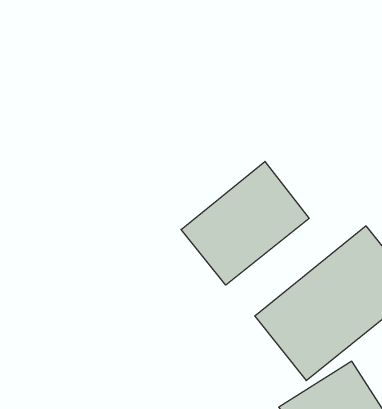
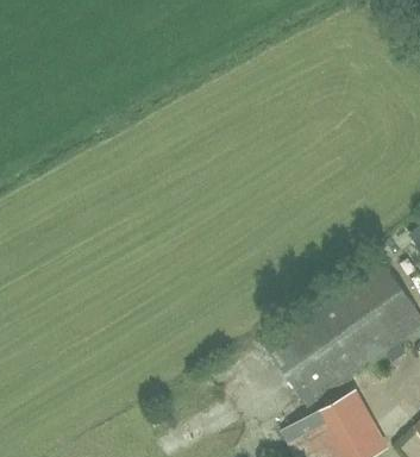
building: [181,161,309,285] -> none

